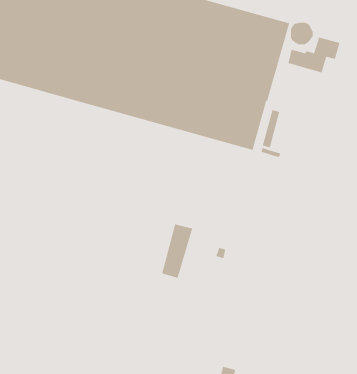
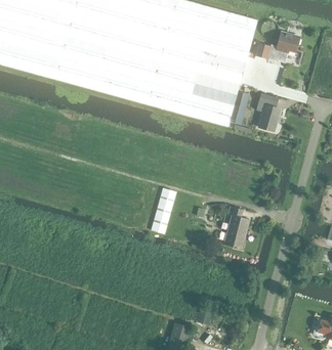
building: none -> [257,94,280,131]
building: none -> [220,207,249,250]

